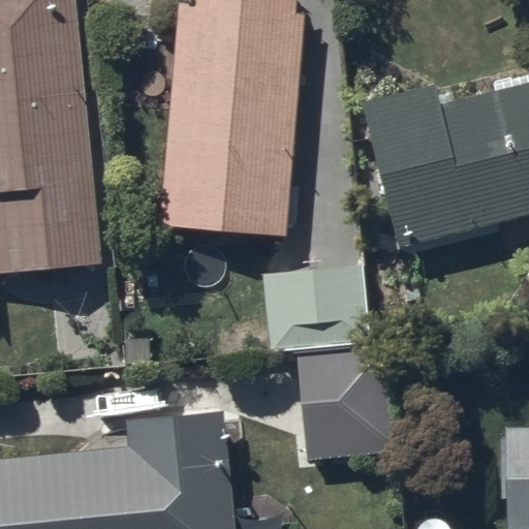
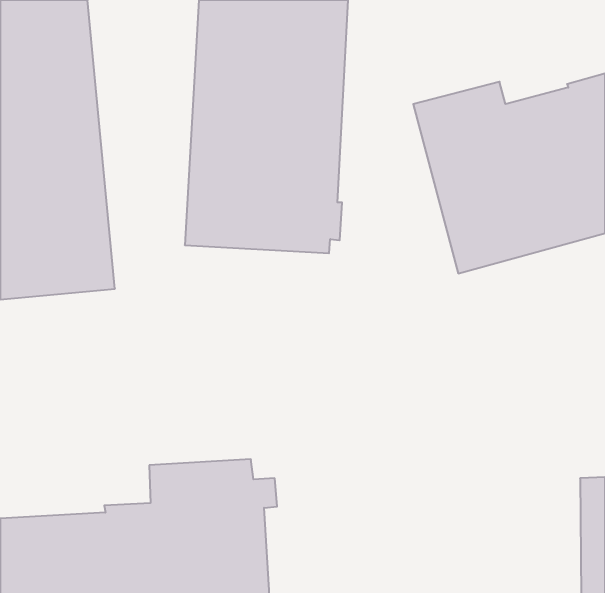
building: [263,268,397,462] -> none

